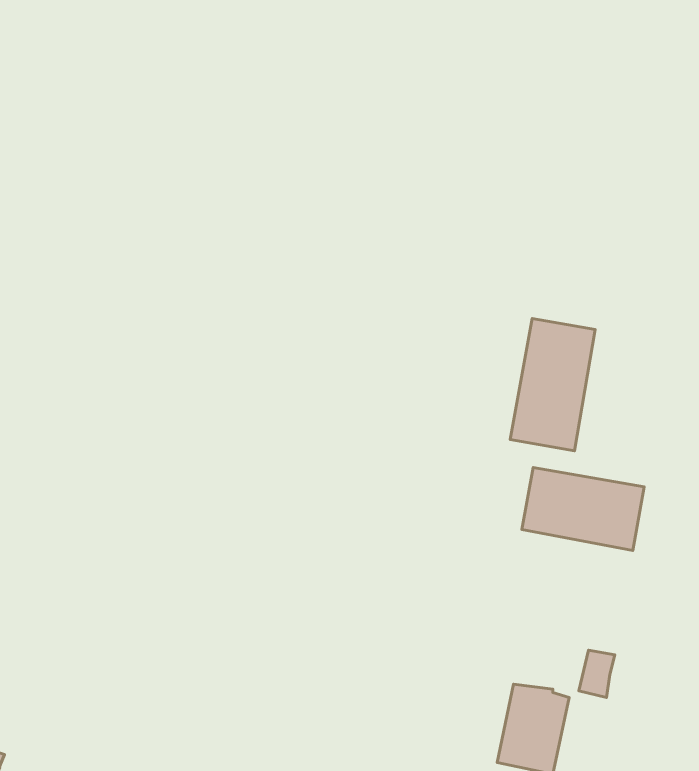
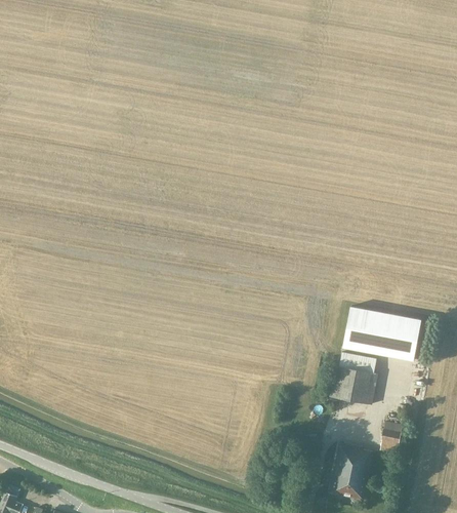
building: [510,319,595,451] -> none
building: none -> [329,352,377,404]

